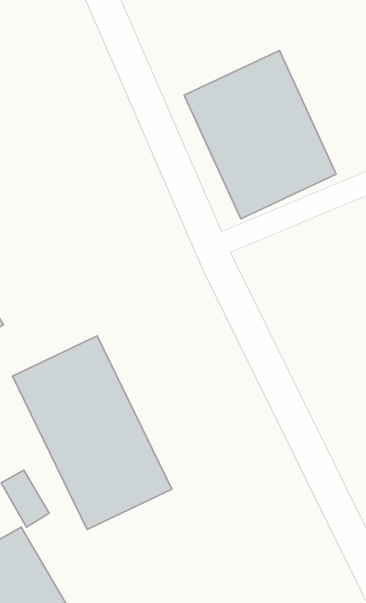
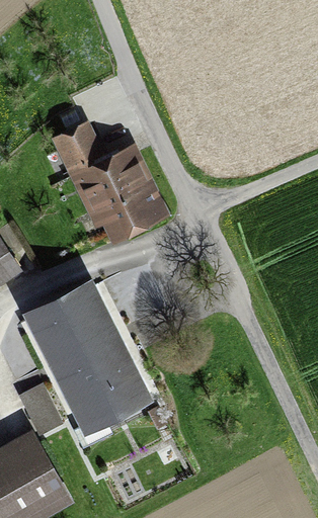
building: [184,51,336,219] -> none
building: none -> [52,125,169,246]

